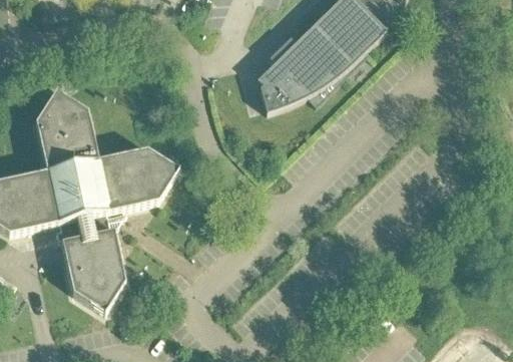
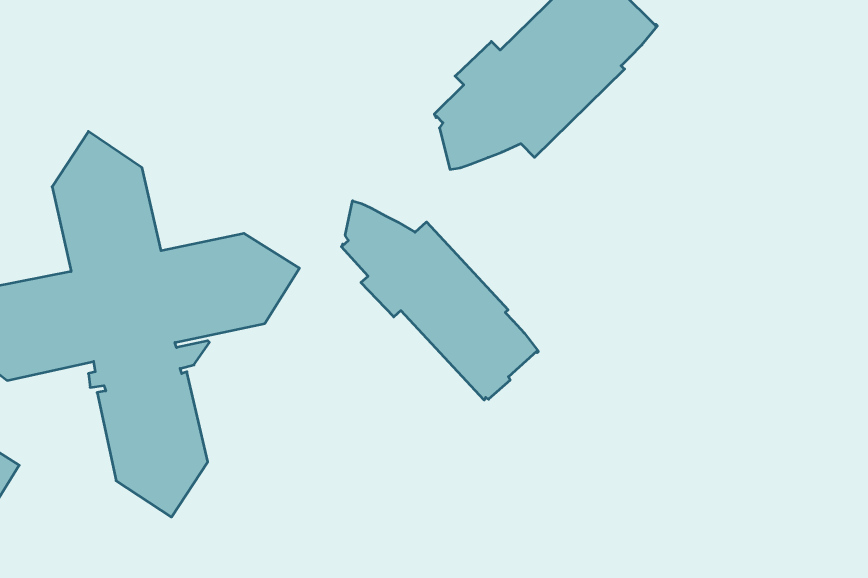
building: none -> [341,201,538,400]

